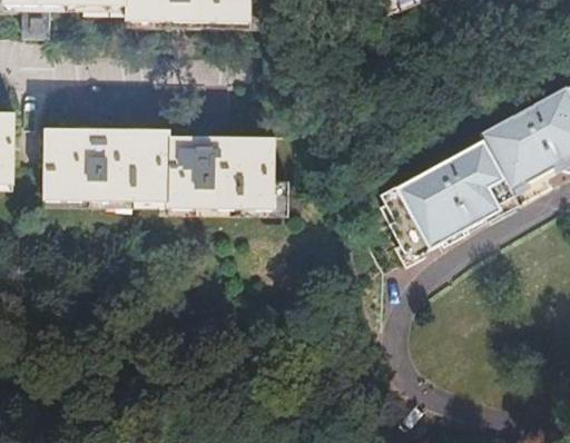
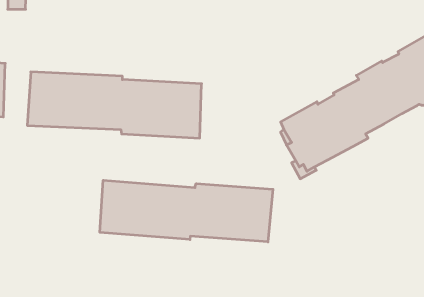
building: none -> [100,180,273,242]

